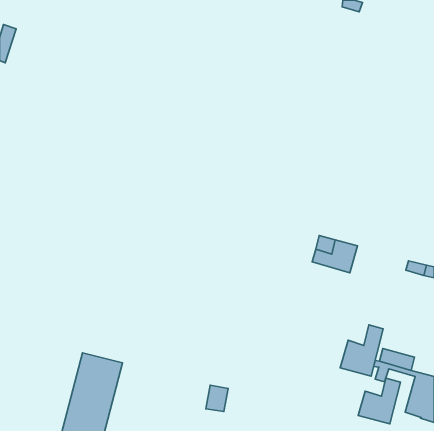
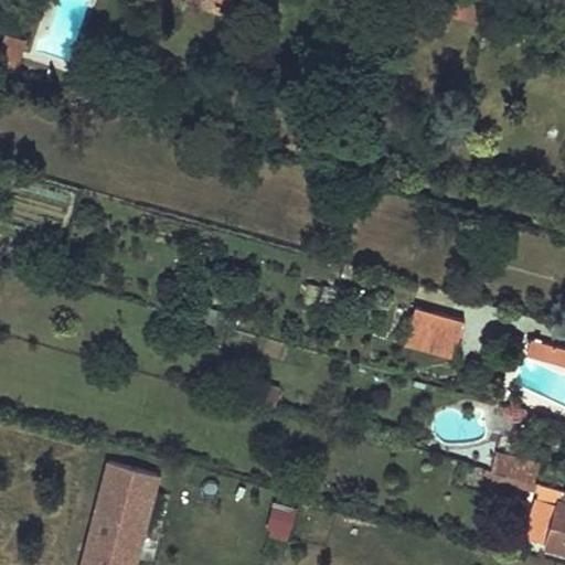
building: [340,325,383,376] -> none
building: [358,378,401,424] -> none

